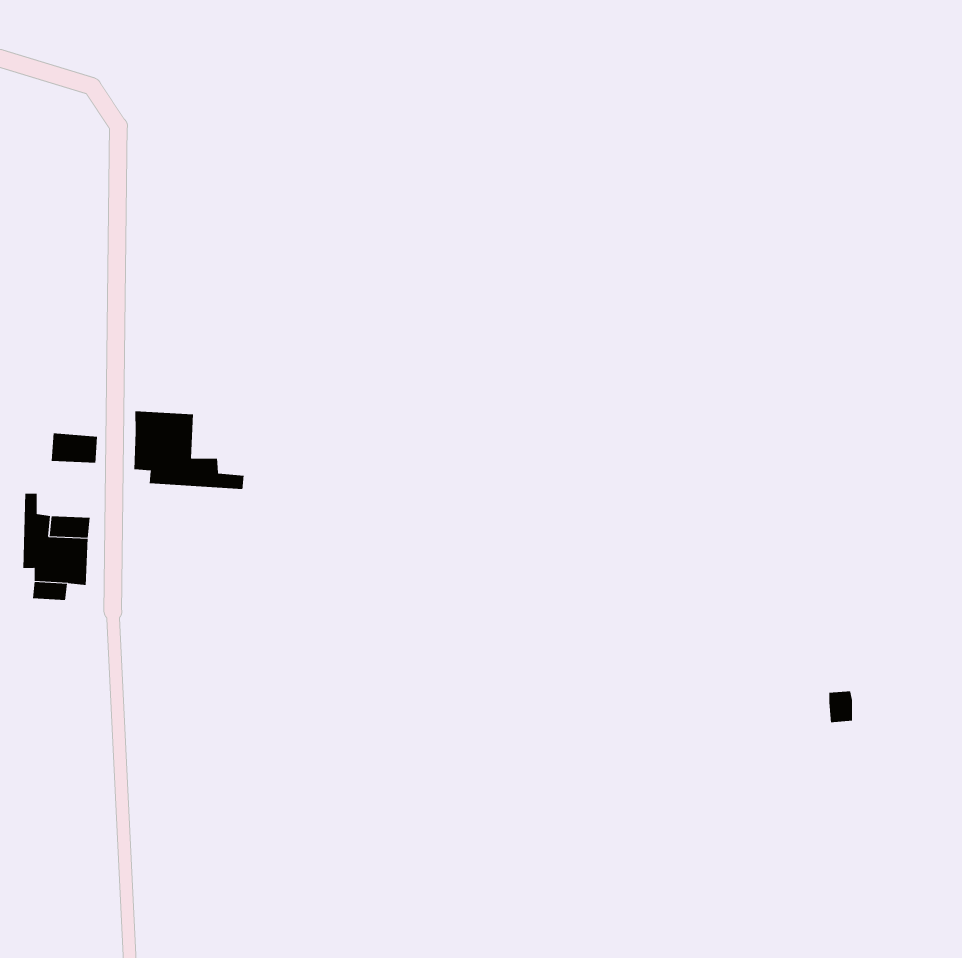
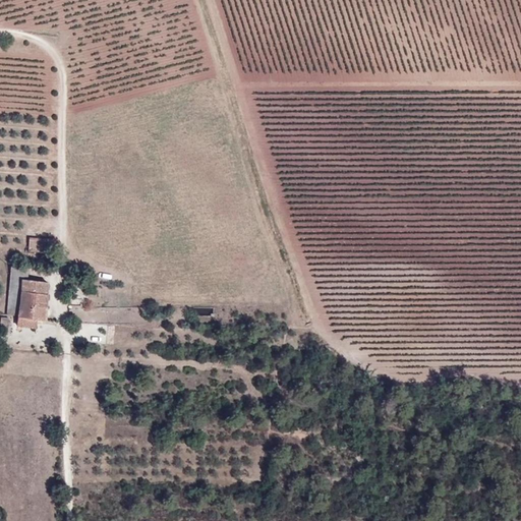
building: [134,411,244,490] -> none

